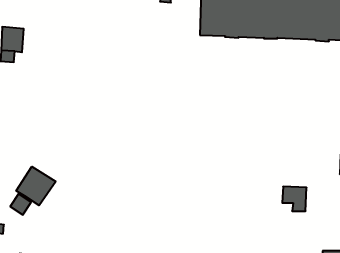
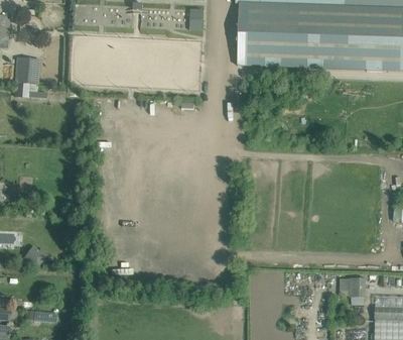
building: [16,167,56,205] -> none
building: [282,187,307,211] -> [341,275,368,303]

